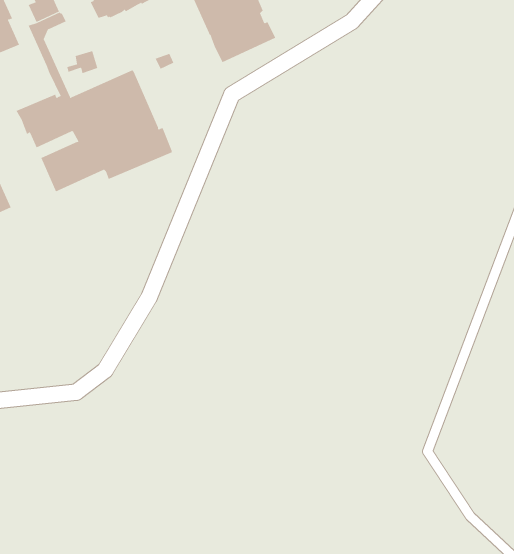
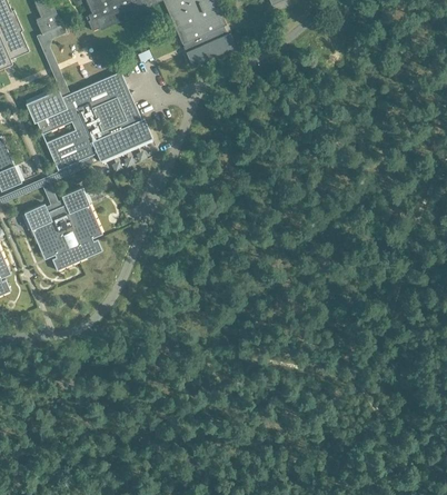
building: none -> [24,187,102,270]

